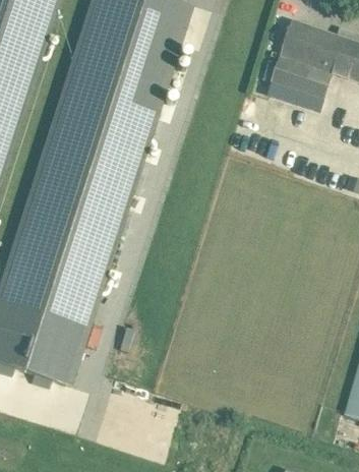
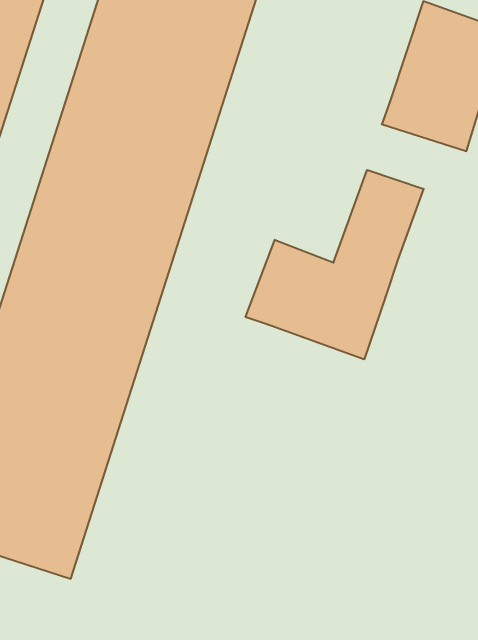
building: none -> [246,170,424,359]

